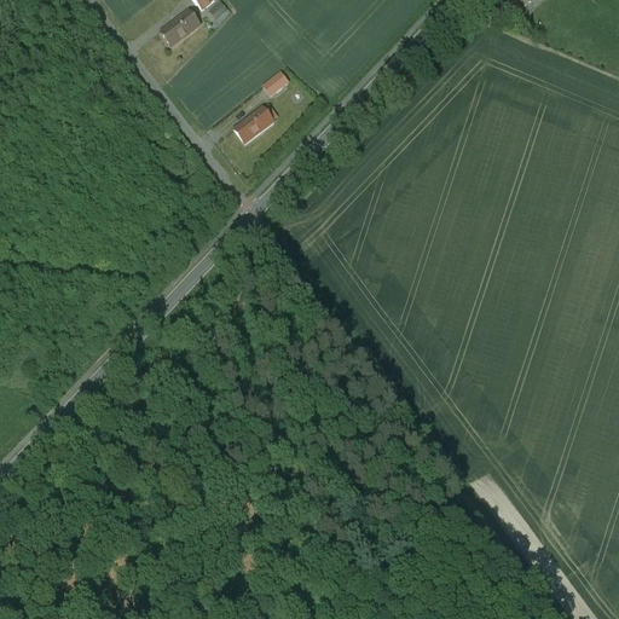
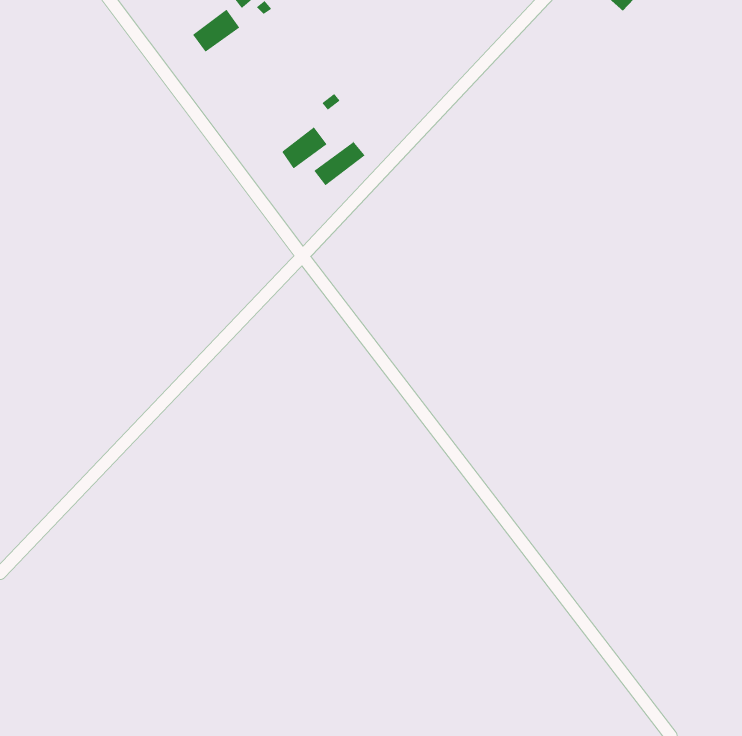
building: none -> [314,141,366,186]

